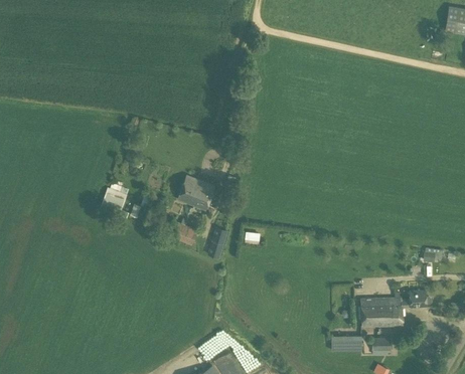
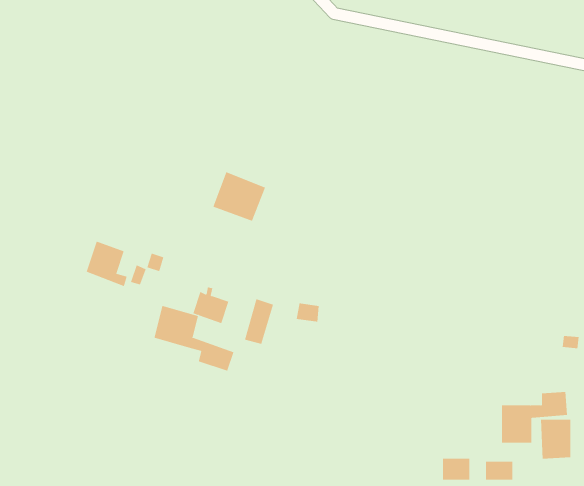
building: [178,176,214,210] -> [213,171,266,222]
building: none -> [154,305,234,372]
building: [361,300,382,327] -> [540,419,571,459]

